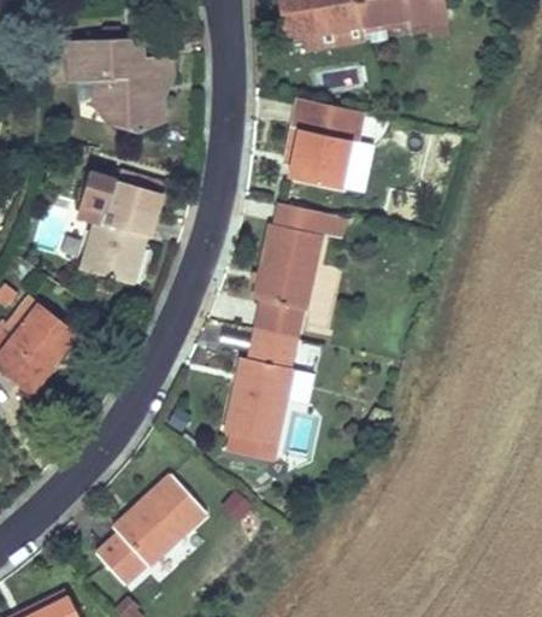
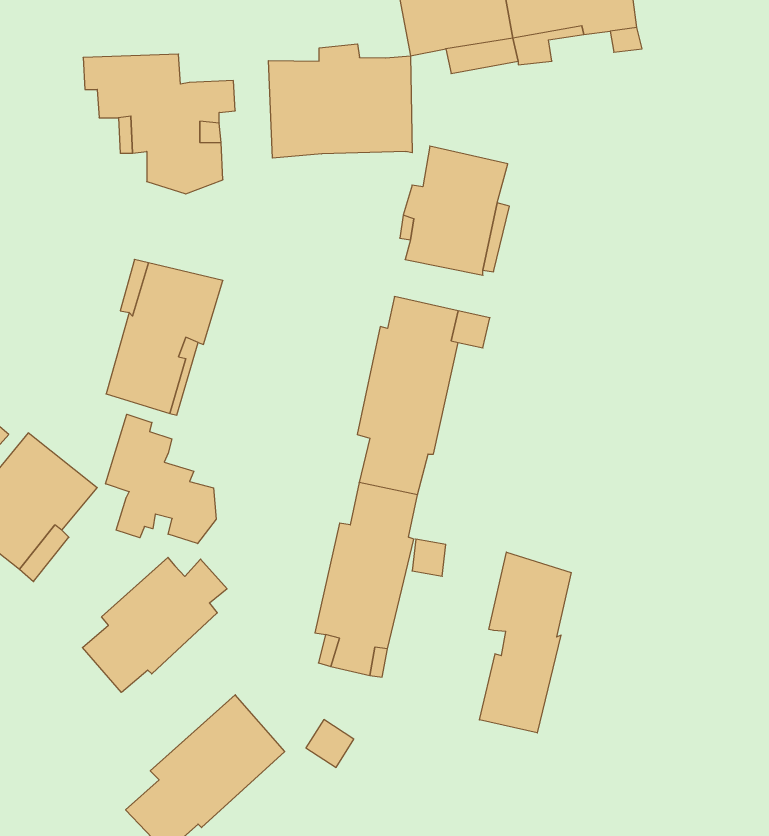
building: none -> [268,44,412,158]
building: none -> [106,414,216,544]
building: none -> [479,552,571,733]
building: none -> [82,557,227,692]

